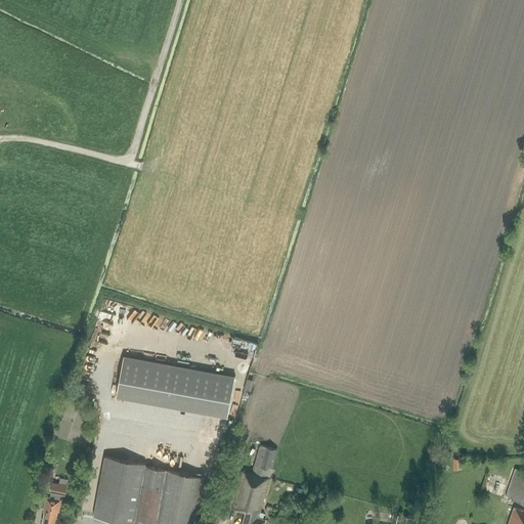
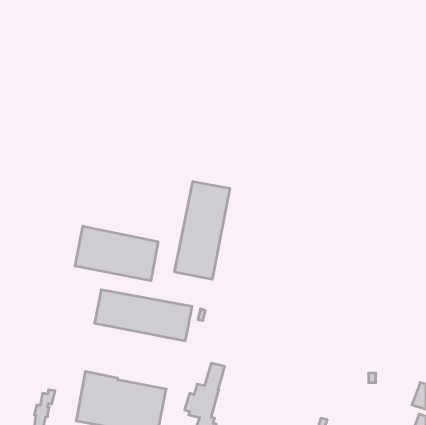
building: none -> [175,181,230,279]
building: none -> [75,226,158,281]

